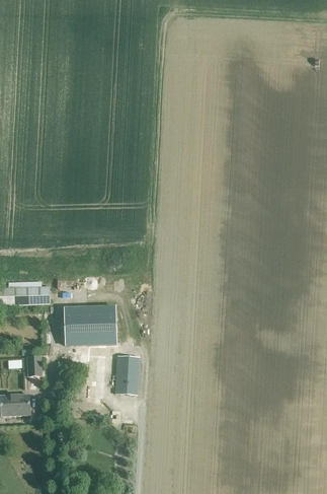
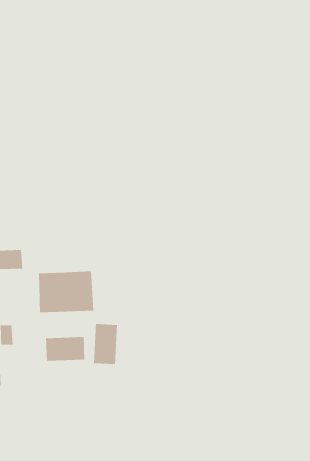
building: none -> [46,336,85,362]

